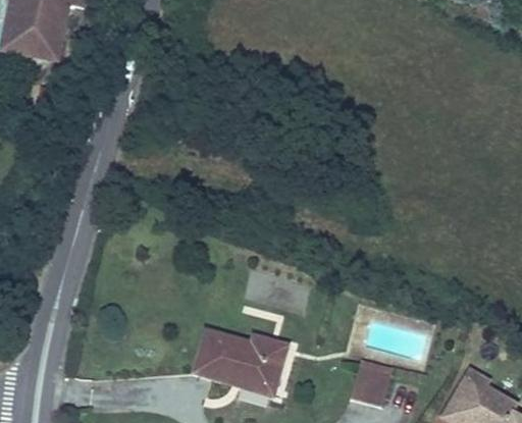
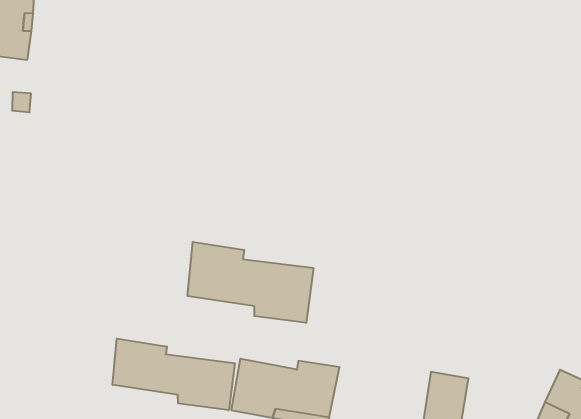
building: none -> [188,242,313,323]
building: none -> [113,339,235,410]

